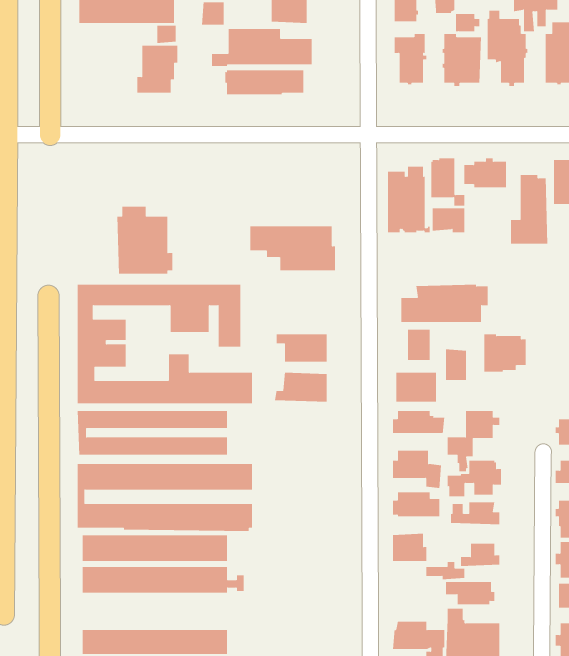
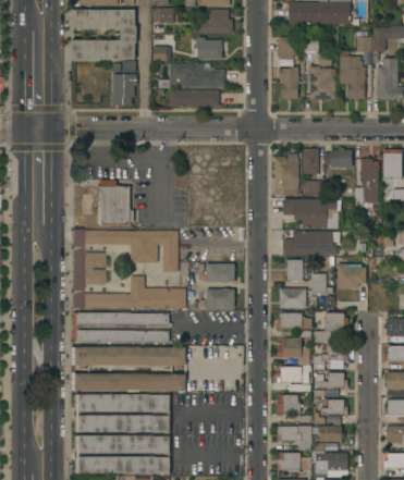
building: [250,226,336,271] -> [282,199,339,229]
building: none -> [278,427,311,452]
building: none -> [73,436,170,454]

